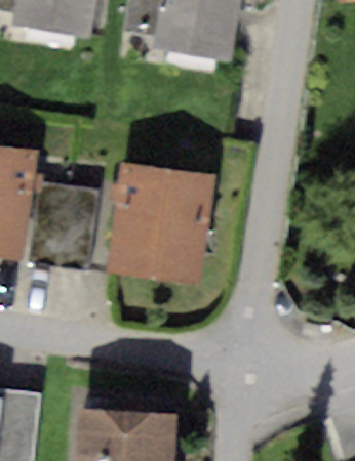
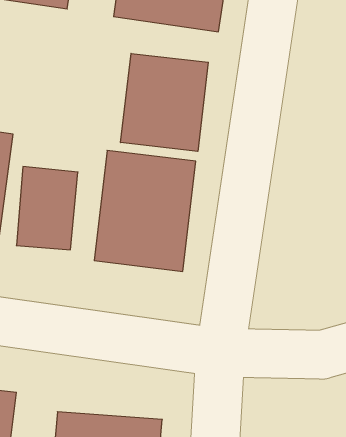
building: none -> [121,53,208,151]

